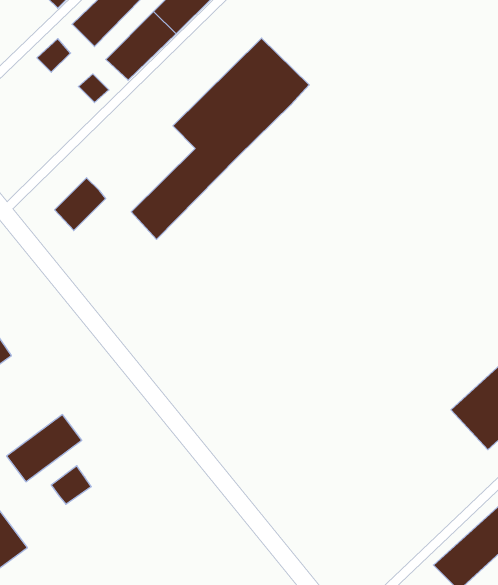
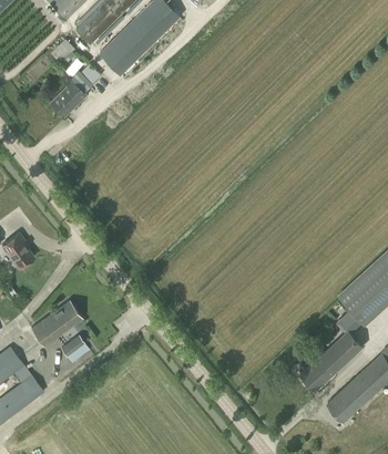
building: [131,38,309,239] -> none
building: [55,178,106,231] -> [51,80,86,116]
building: none -> [299,309,364,390]

